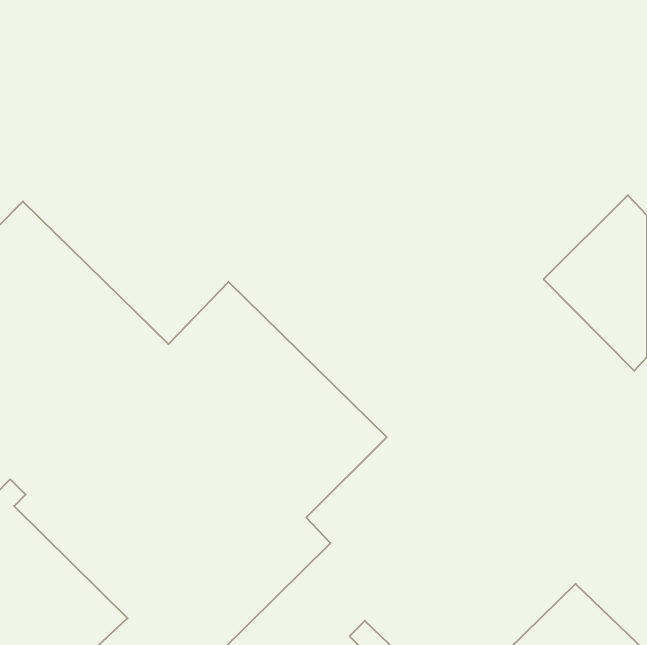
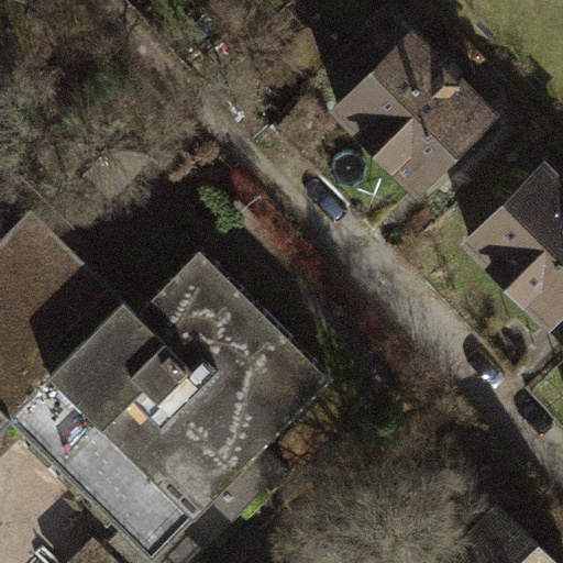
building: none -> [336,41,488,192]

